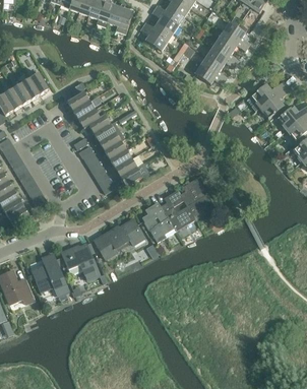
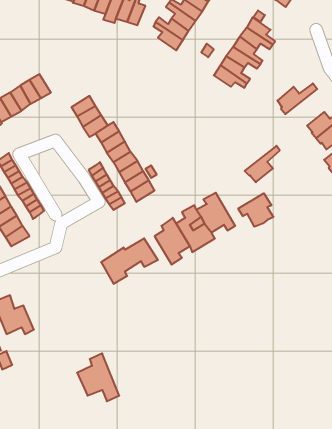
building: [258,85,290,118] -> [245,146,280,182]
building: none -> [238,193,273,227]
building: [61,244,100,280] -> none
building: [30,253,68,296] -> [77,353,119,401]

